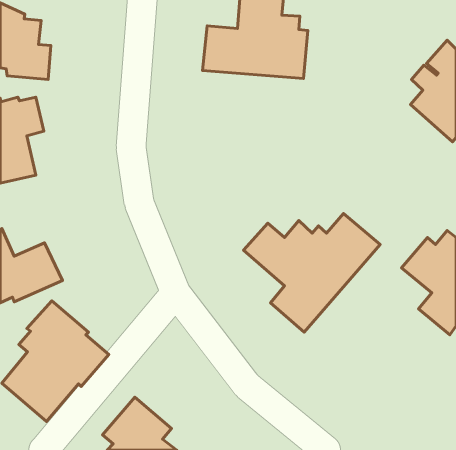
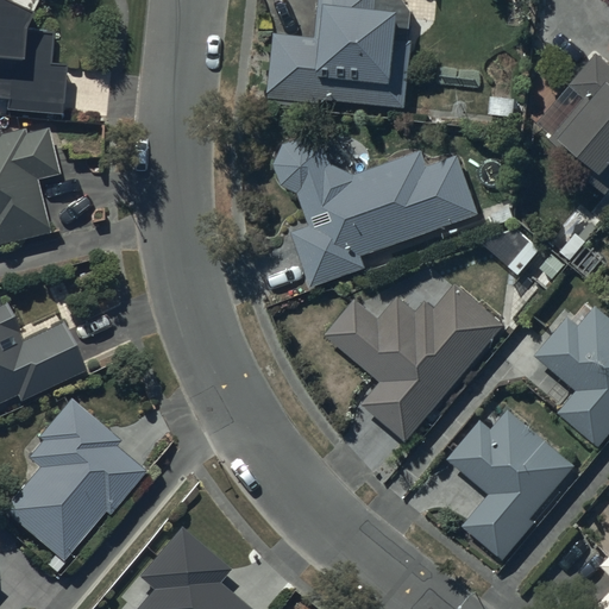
building: none -> [275,138,476,283]
building: none -> [445,409,576,560]

